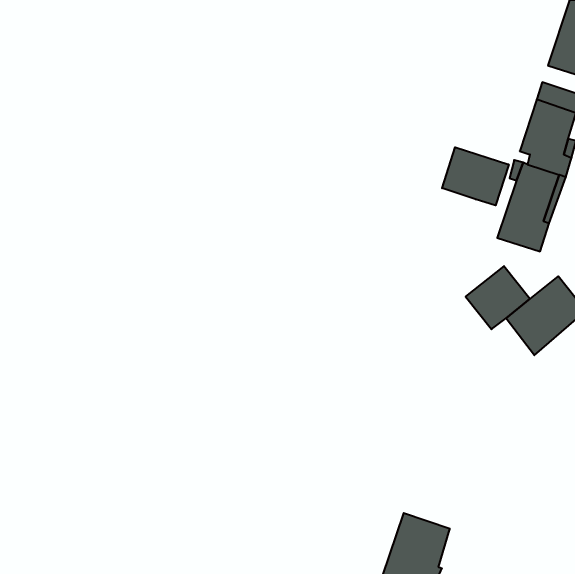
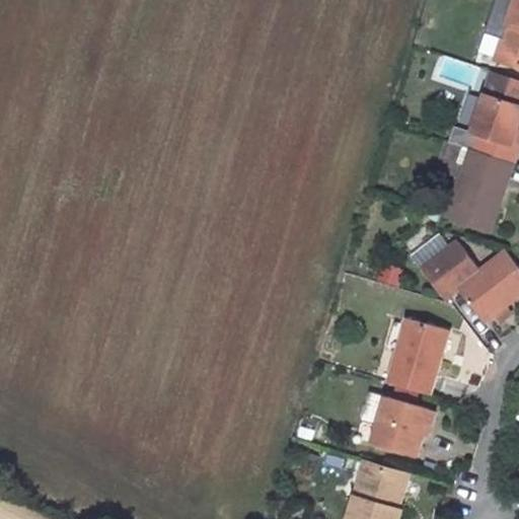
building: [442,147,509,205] -> none
building: none -> [388,312,448,394]
building: none -> [368,394,426,455]

